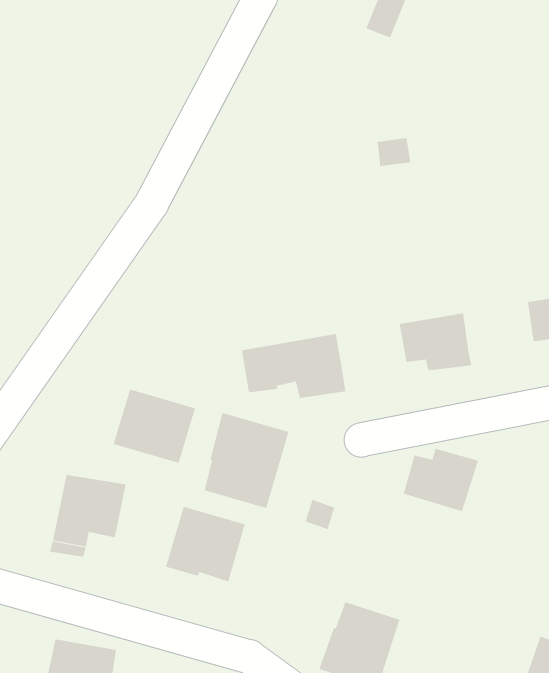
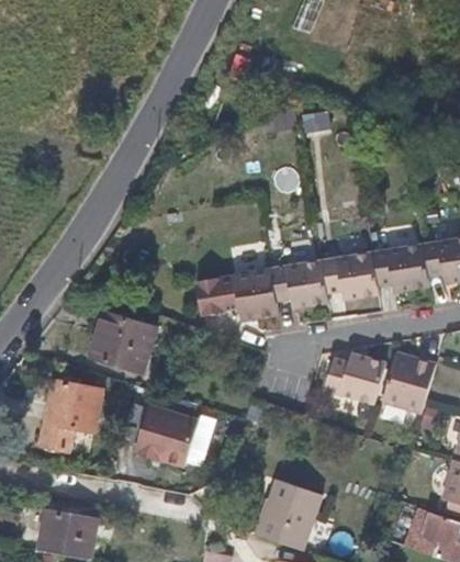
building: none -> [371,244,427,291]
building: none -> [270,261,326,307]
building: [204,412,289,509] -> none
building: none -> [382,352,434,413]

